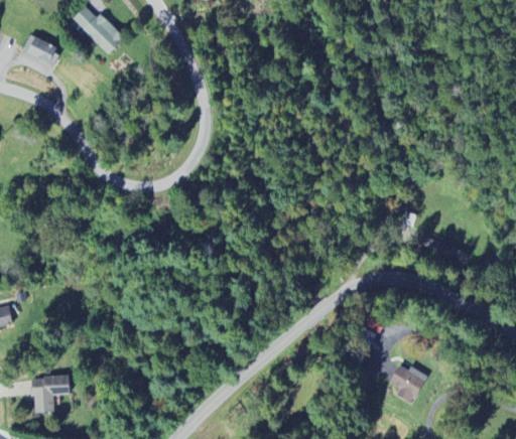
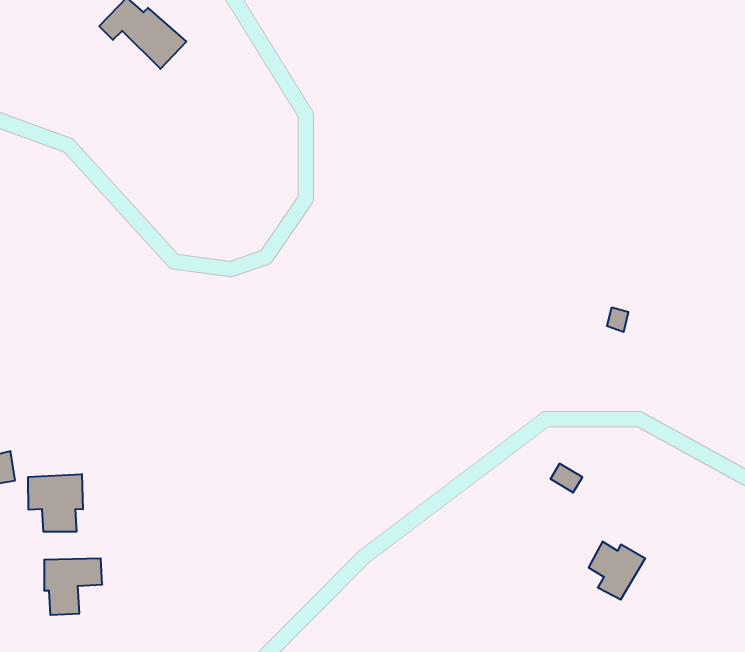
building: [20,33,60,68] -> none
building: none -> [28,474,83,532]

